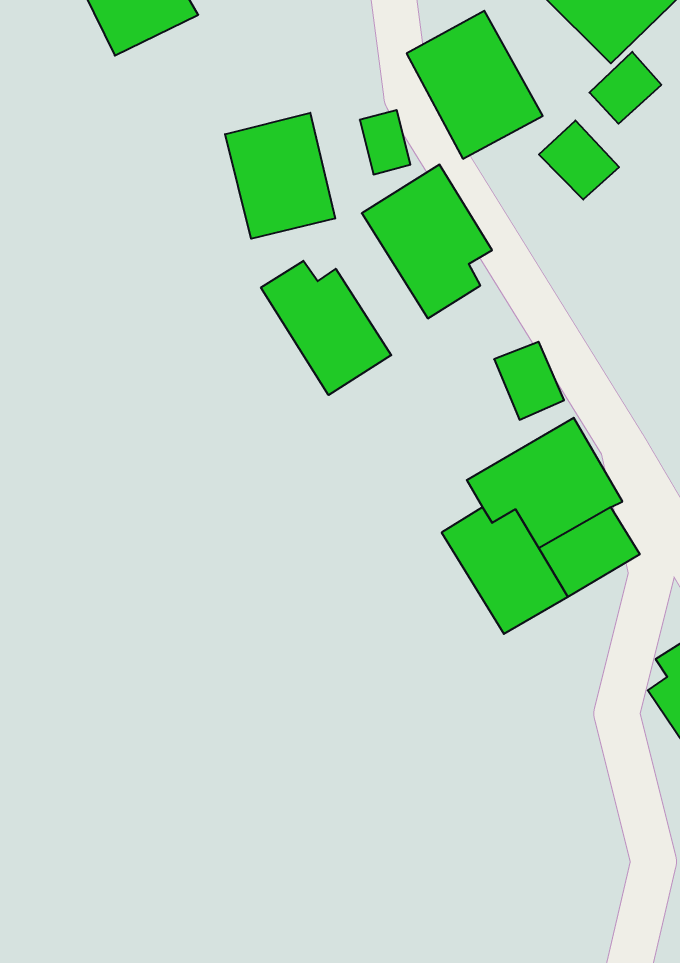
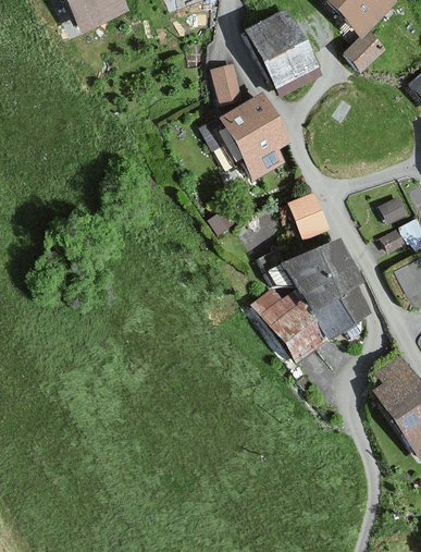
building: [225,113,335,239] -> none
building: [539,120,619,200] -> none
building: [261,261,391,395] -> none

